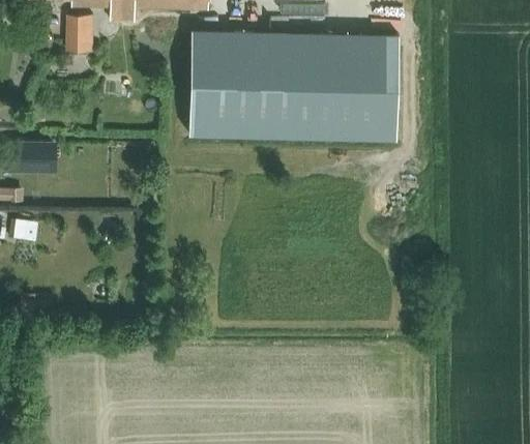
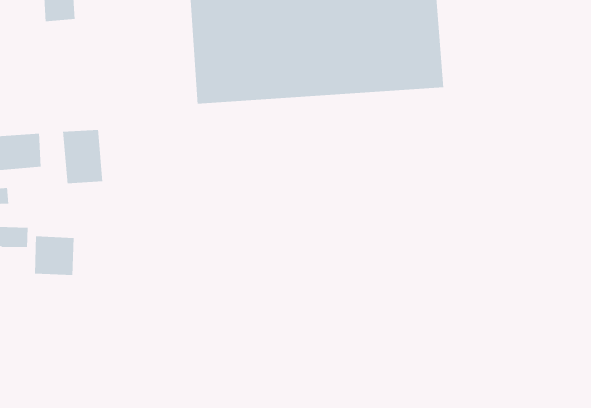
building: none -> [62,129,103,184]
building: none -> [34,235,74,276]

